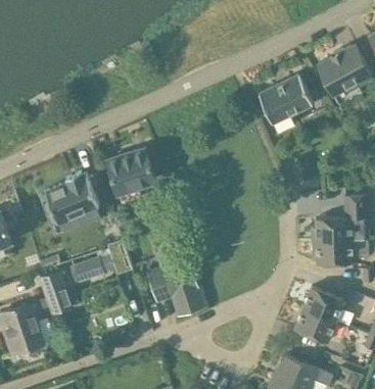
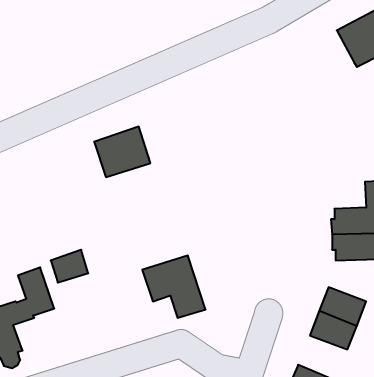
building: [260,75,314,123] -> none
building: [45,173,99,223] -> none

